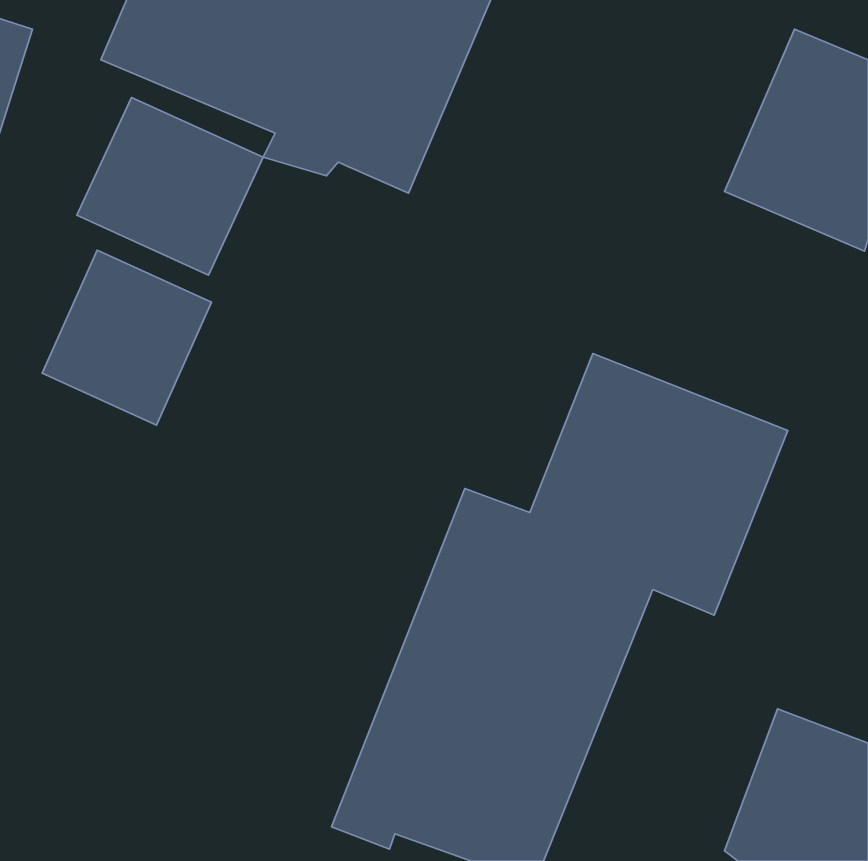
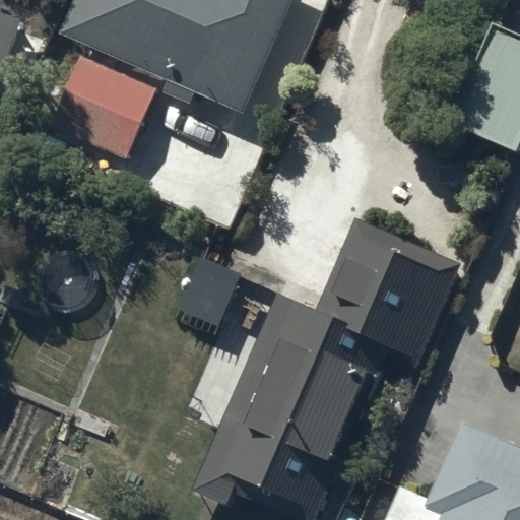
building: [42,250,211,425] -> none

